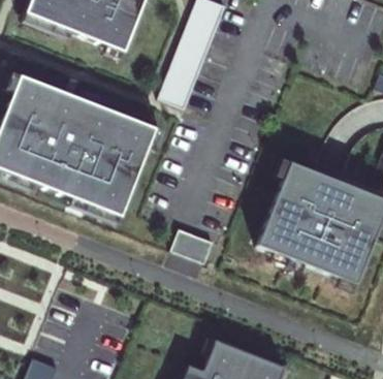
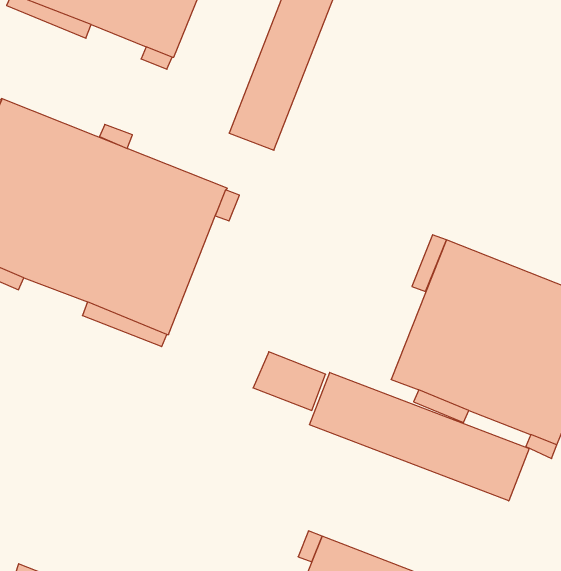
building: none -> [309,372,529,501]

